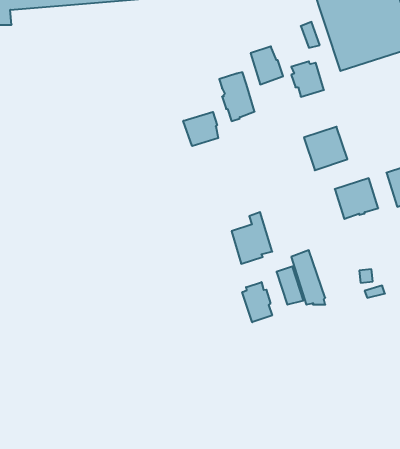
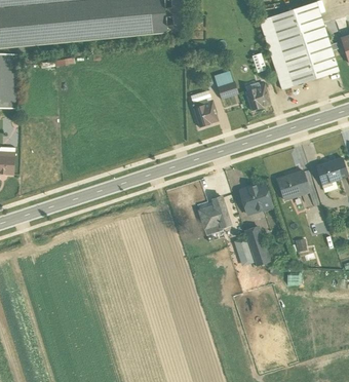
building: [183,112,218,146] -> none
building: [304,127,347,170] -> [239,182,272,215]
building: [242,282,272,322] -> none

